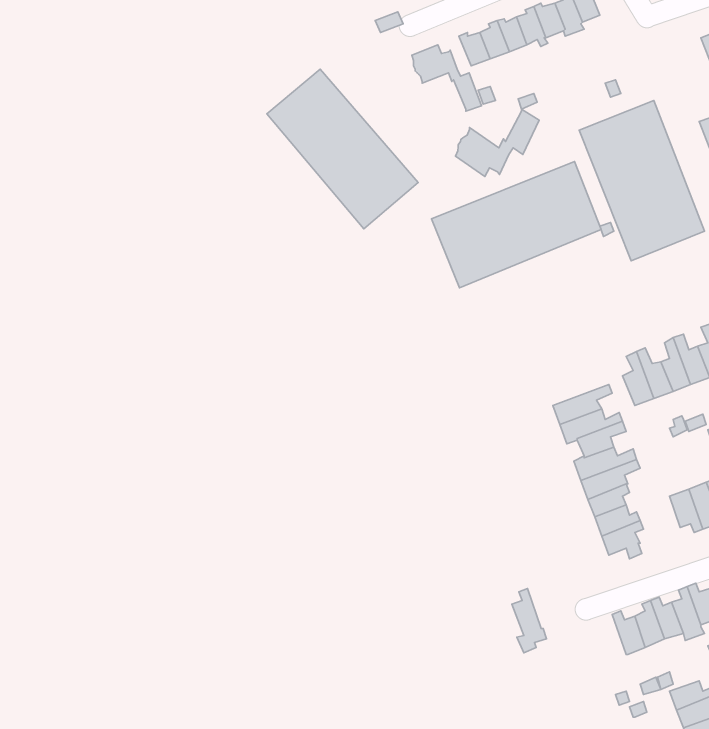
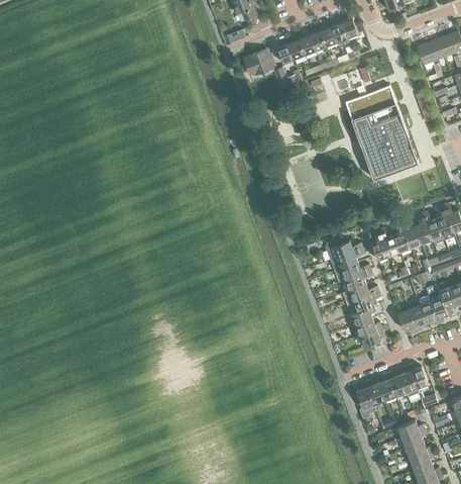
building: [267,69,418,229] -> none
building: [456,109,539,177] -> none
building: [431,162,601,288] -> none
building: none -> [325,236,362,261]
building: [512,588,547,653] -> [355,382,375,419]

